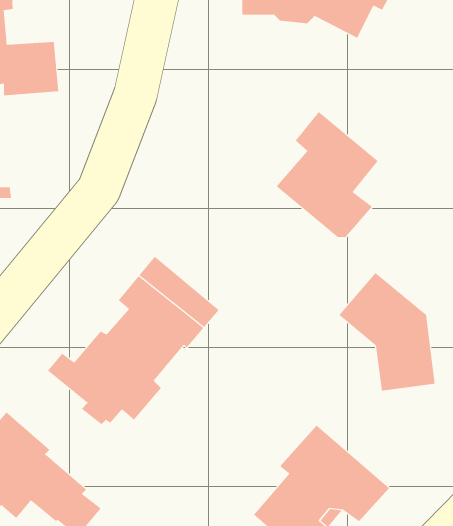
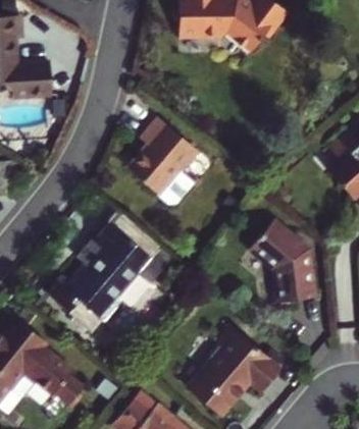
building: [276,111,379,238] -> [127,115,199,203]

